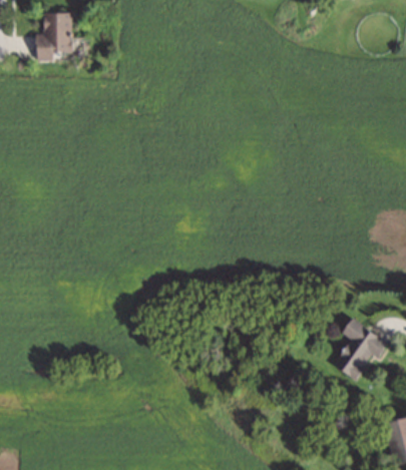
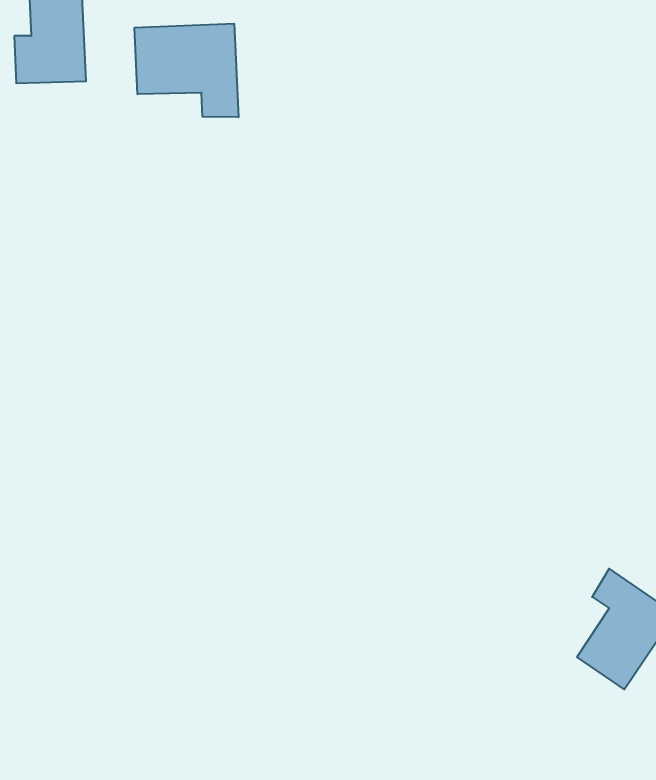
building: none -> [135,24,238,117]

